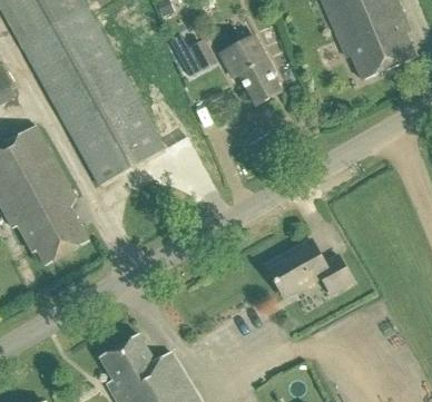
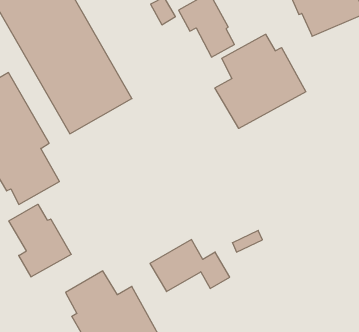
building: none -> [215,34,306,128]
building: [264,241,350,296] -> [150,240,230,292]
building: none -> [9,204,71,277]

